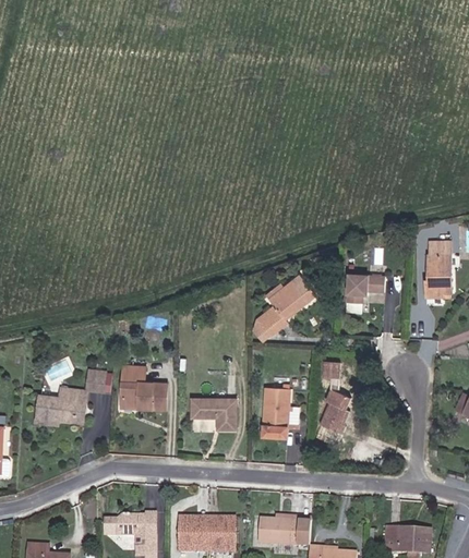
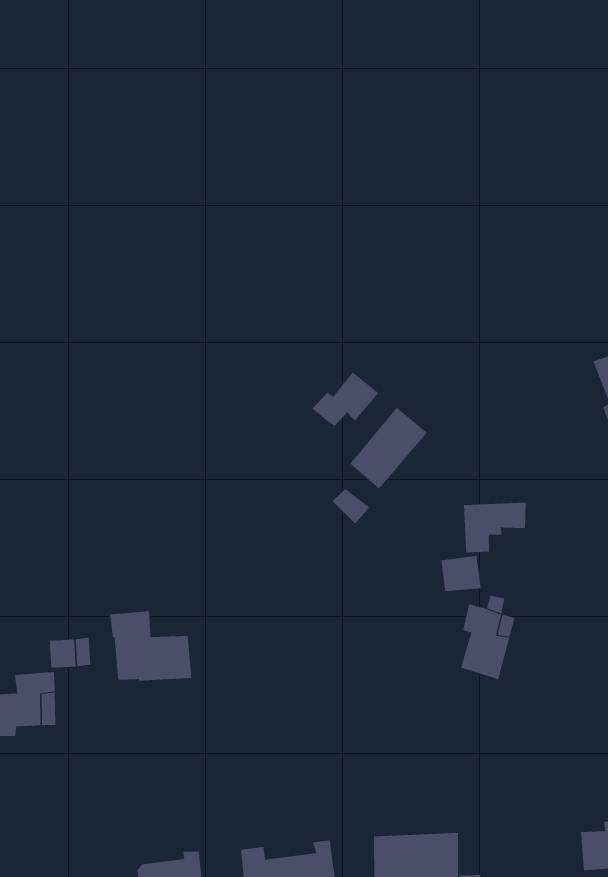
building: none -> [311,372,379,427]
building: [345,276,384,305] -> [463,502,526,553]
building: [263,388,289,438] -> none
building: [190,399,234,428] -> none

